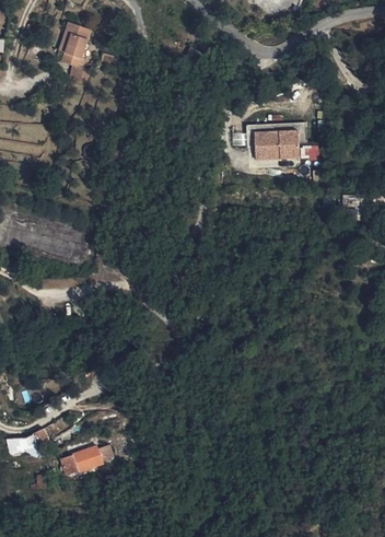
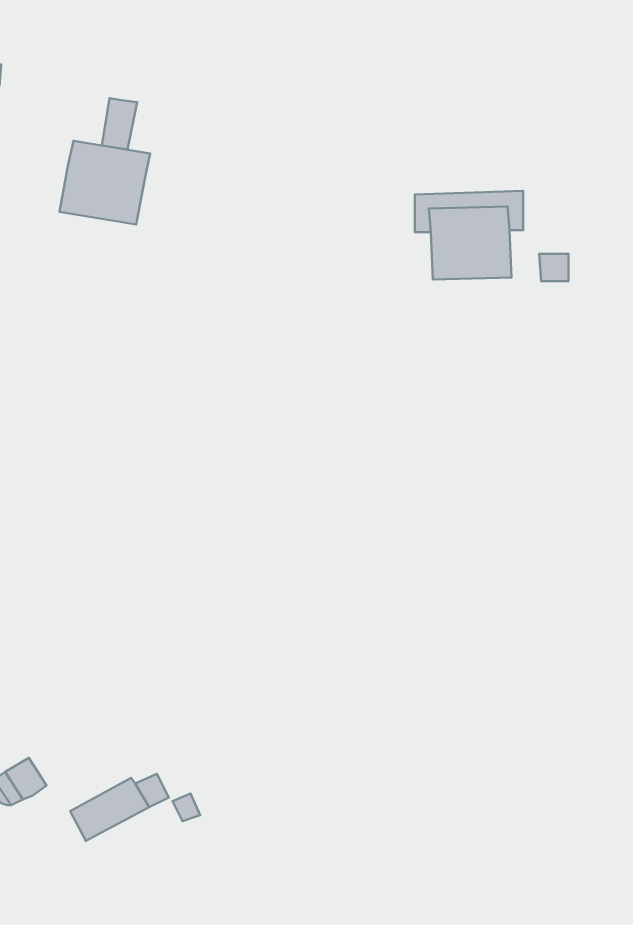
building: [62,23,84,58] -> none
building: none -> [59,141,150,225]

